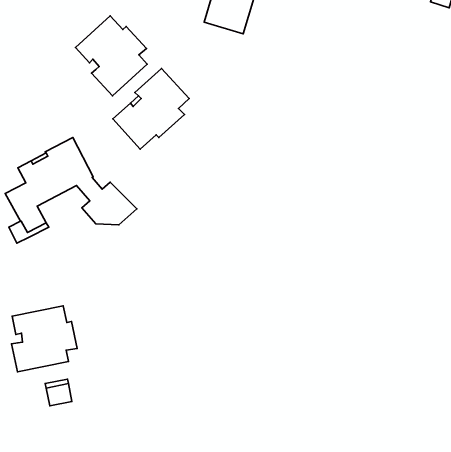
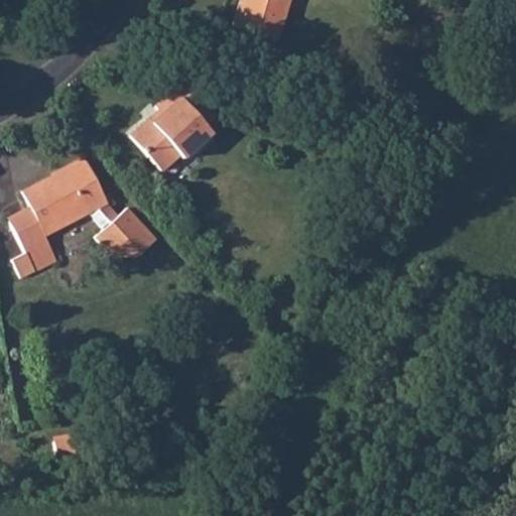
building: [75,16,147,96] -> none
building: [12,306,77,372] -> none

